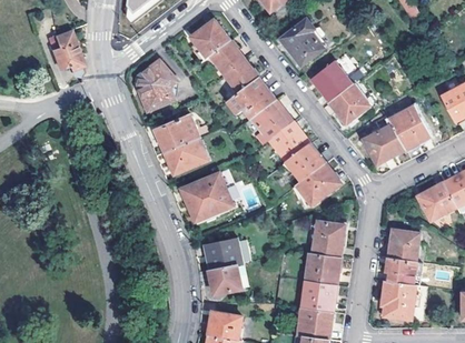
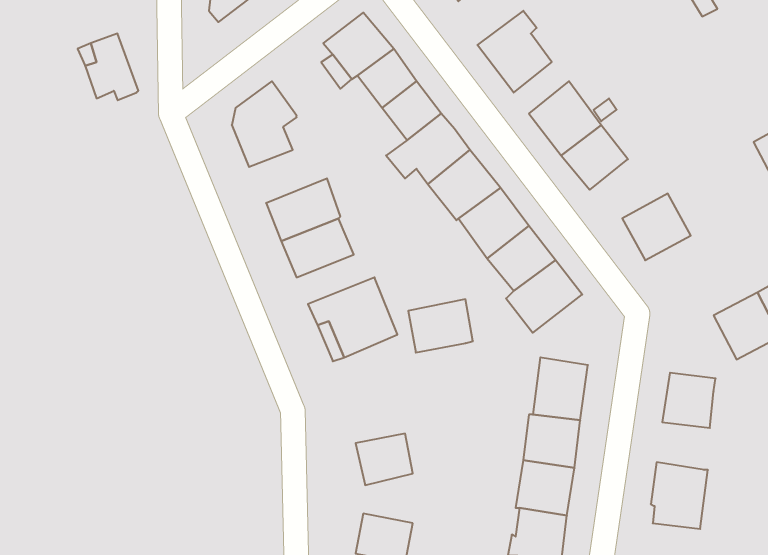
building: [389,107,429,149] -> none
building: [205,239,243,270] -> [408,299,473,353]
building: [385,258,416,285] -> none

